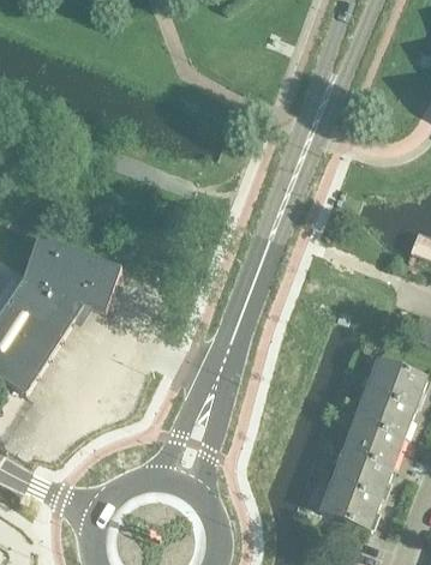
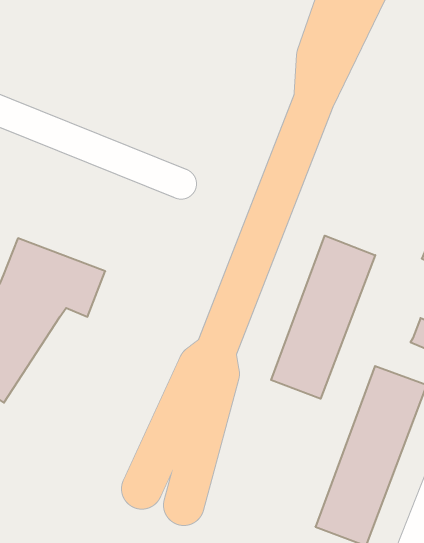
building: none -> [271,236,375,399]

